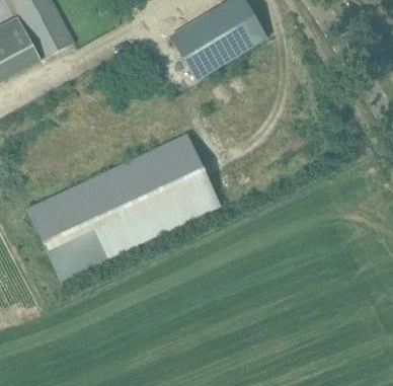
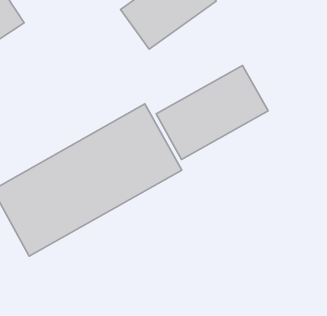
building: none -> [156,65,268,160]

